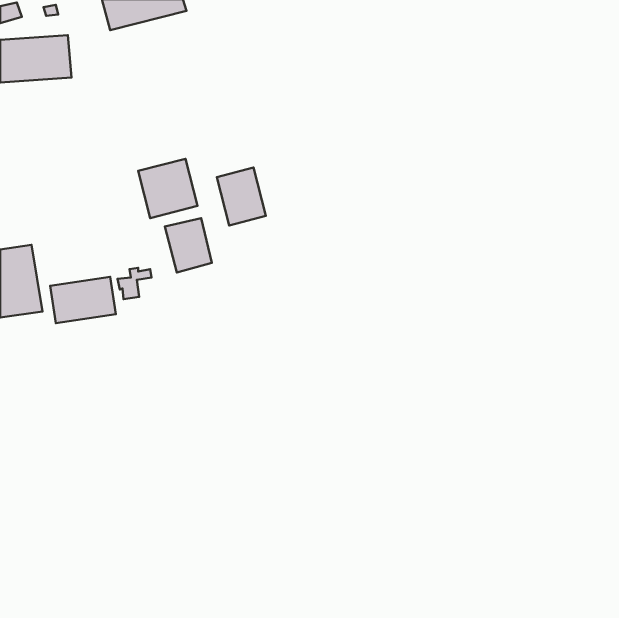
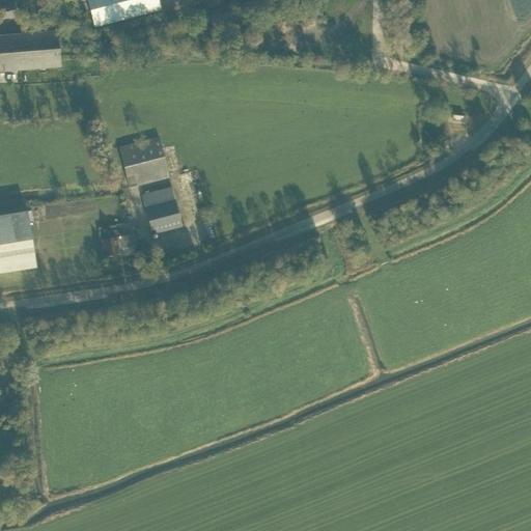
building: [217,168,266,225] -> none
building: [50,277,116,323] -> none

